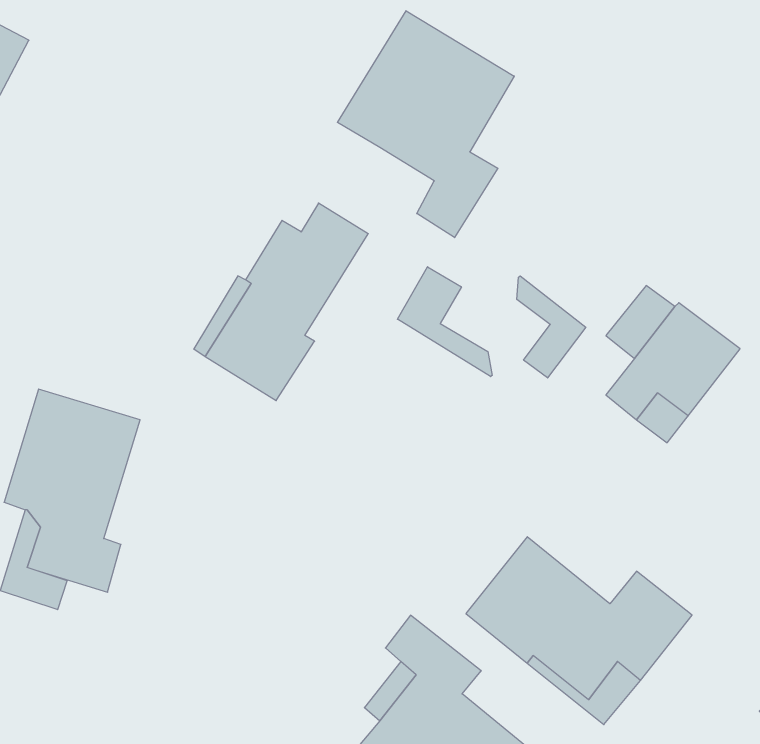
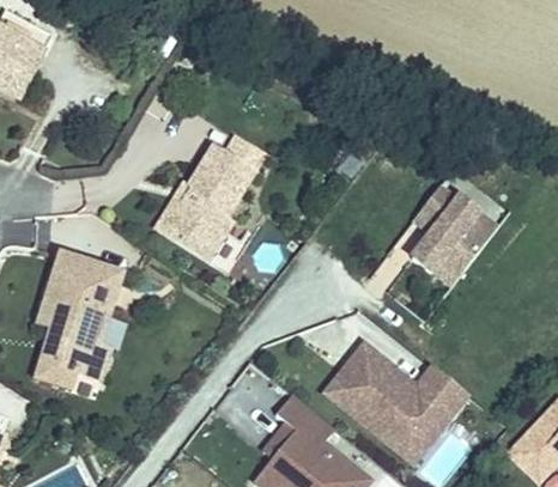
building: [337,11,514,238] -> none
building: [397,267,492,377] -> none
building: [517,276,586,378] -> none

